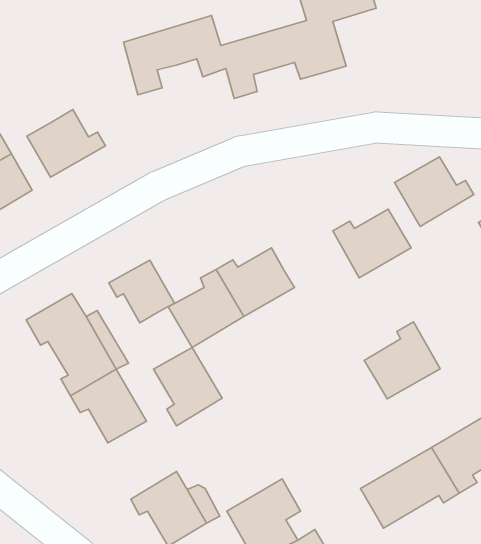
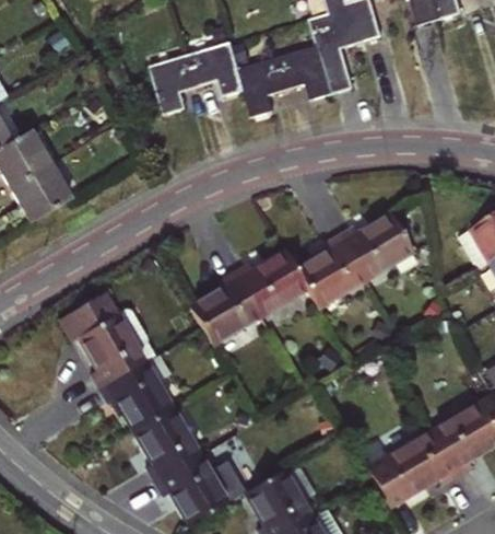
building: [27,110,105,177] -> none
building: [395,157,474,227] -> none
building: [109,260,174,323] -> none
building: [364,322,440,399] -> [296,236,365,306]
building: [154,348,222,426] -> [137,409,199,480]

